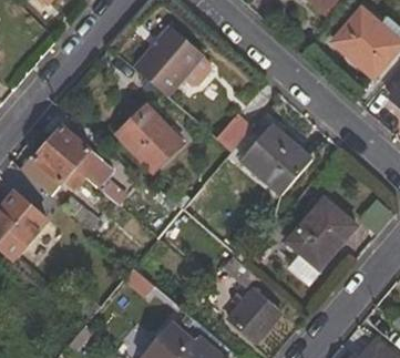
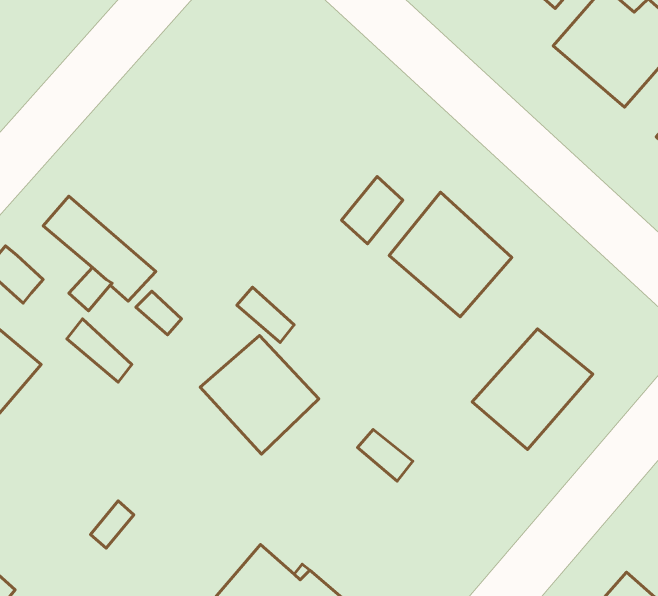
building: [132,23,205,100] -> none
building: [117,106,184,173] -> [200,336,319,454]
building: [226,288,278,341] -> none

